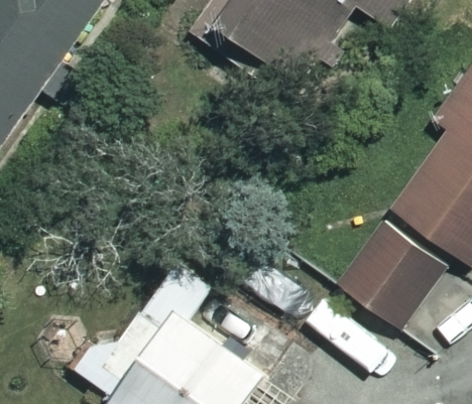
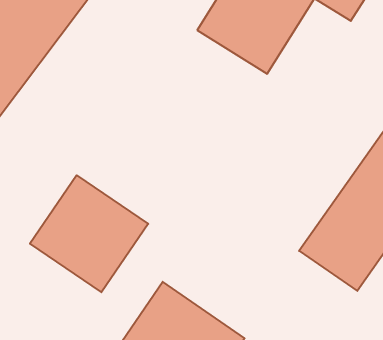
building: none -> [30,175,148,292]

